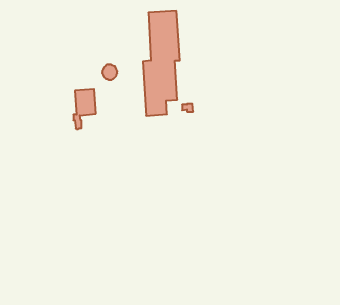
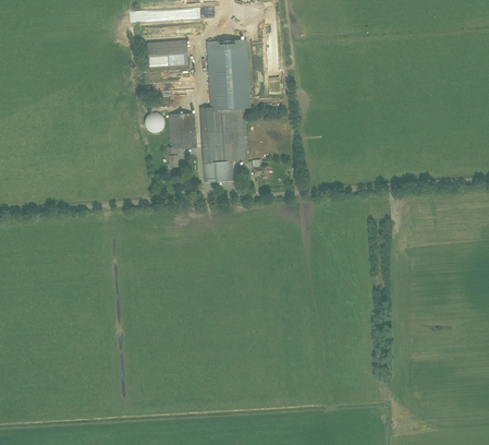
building: none -> [146,39,186,67]
building: [73,89,96,129] -> [166,112,196,167]

